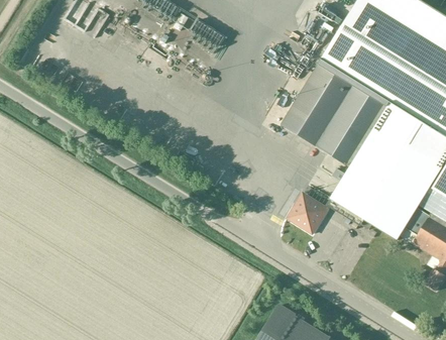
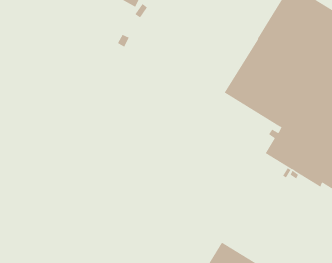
building: [288,191,329,232] -> none

